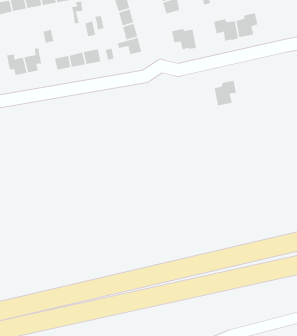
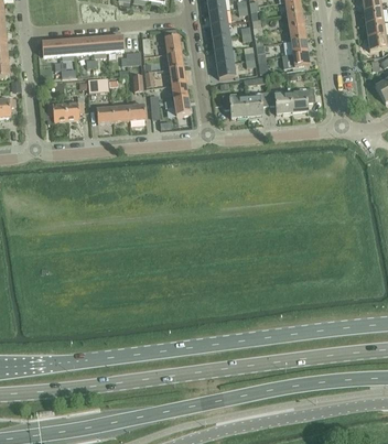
building: [214,80,237,107] -> [246,90,269,117]

